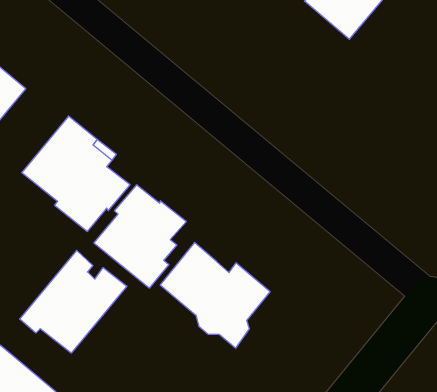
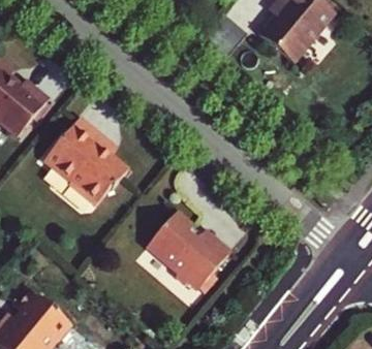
building: [94,185,186,288] -> none
building: [20,250,127,353] -> none

